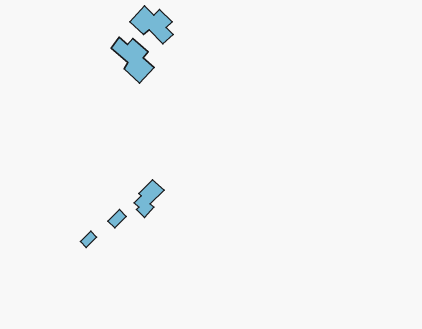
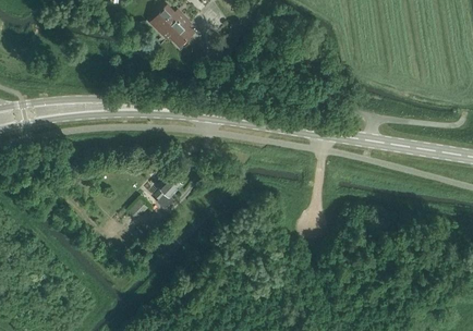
building: [111,37,154,83] -> none

